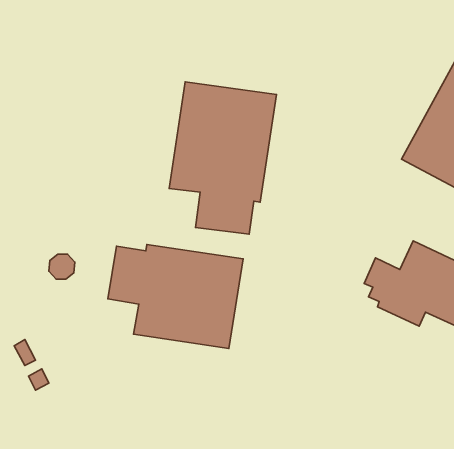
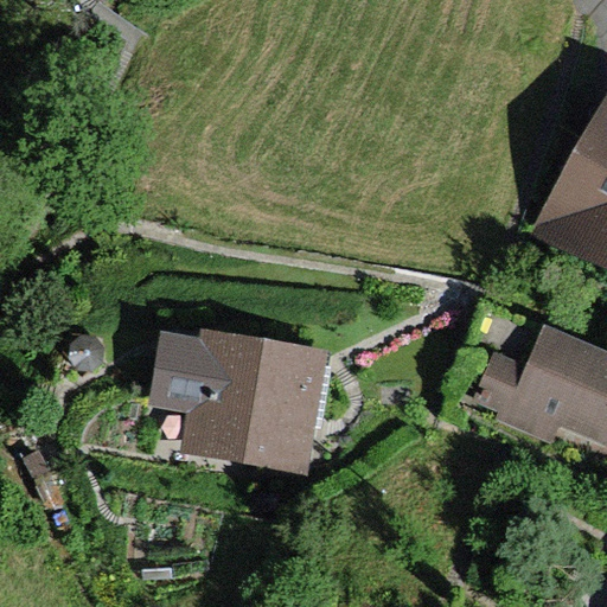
building: [169,82,277,234] -> none

